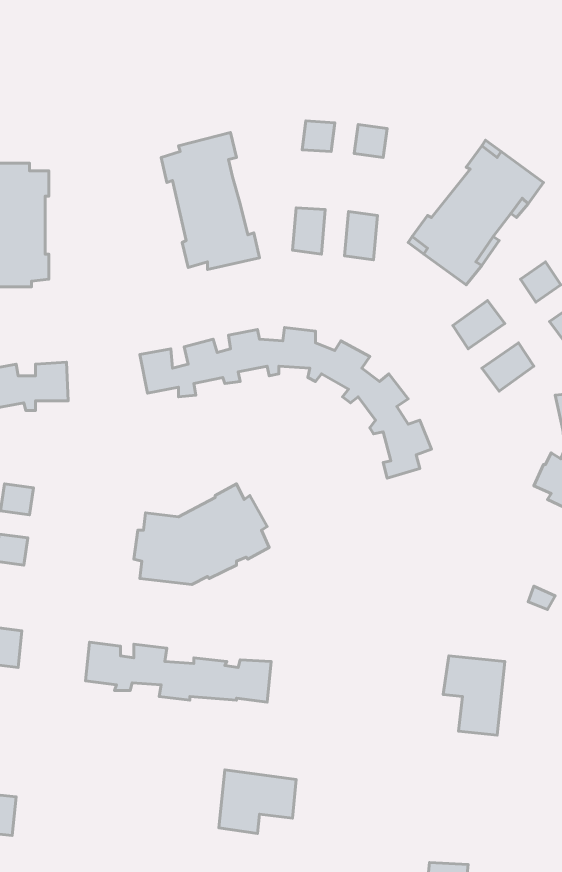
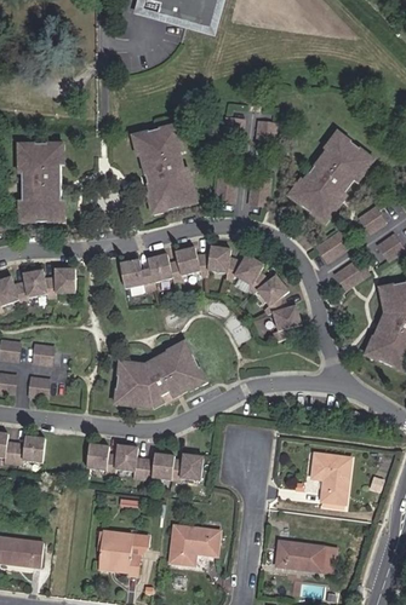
building: none -> [97,529,147,575]
building: none -> [275,540,336,571]

